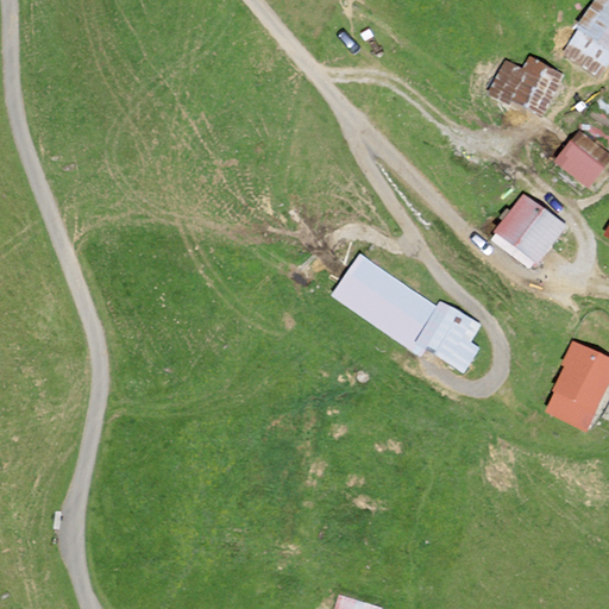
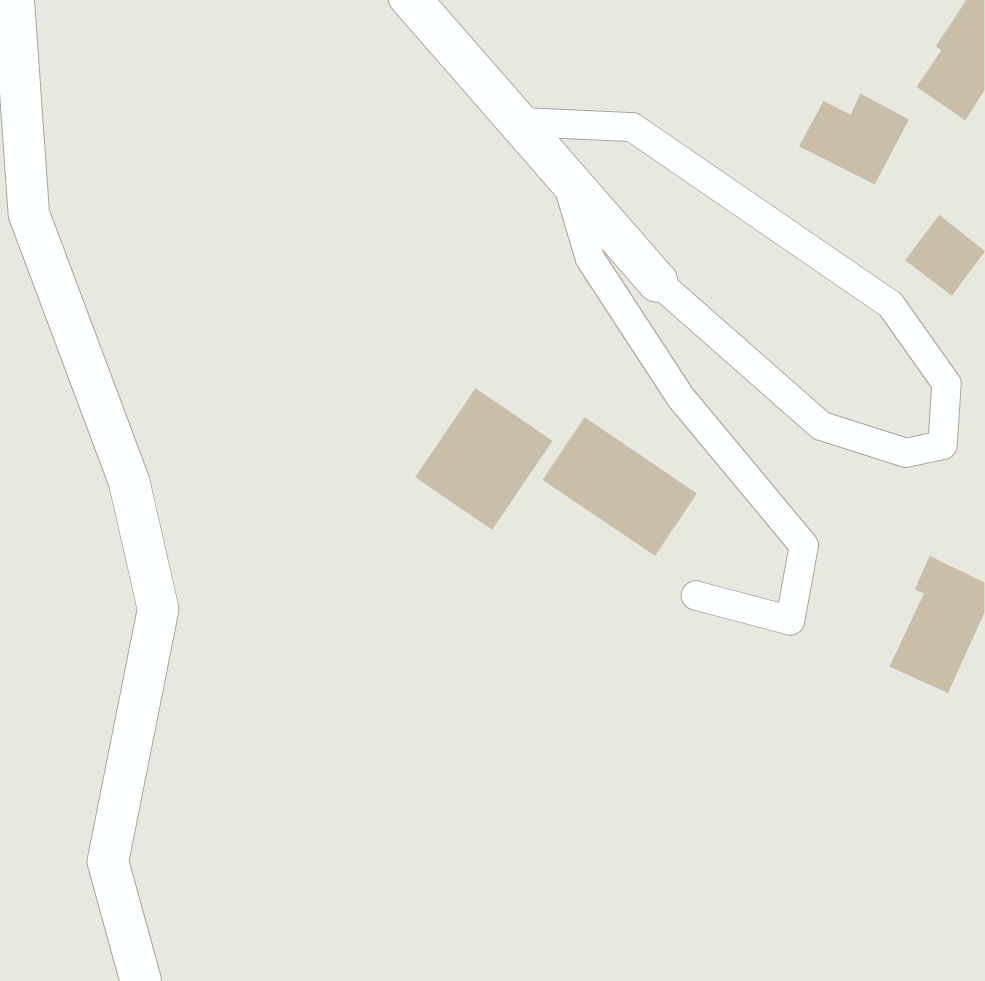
building: [498,197,560,259] -> none
building: none -> [414,387,553,531]
building: [419,303,478,370] -> none

